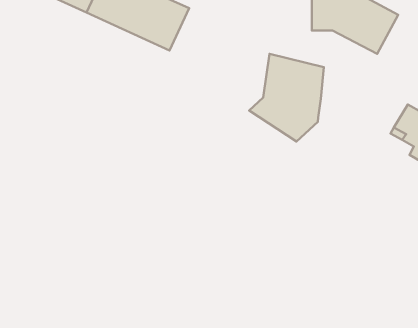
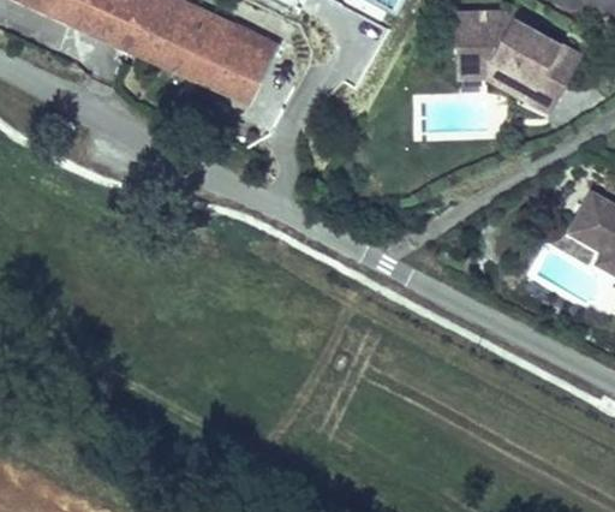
building: [249,54,324,141] -> none

